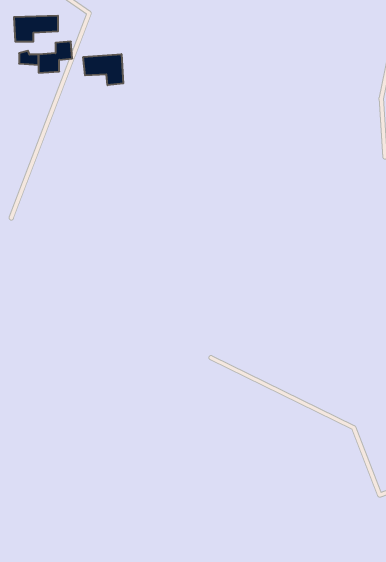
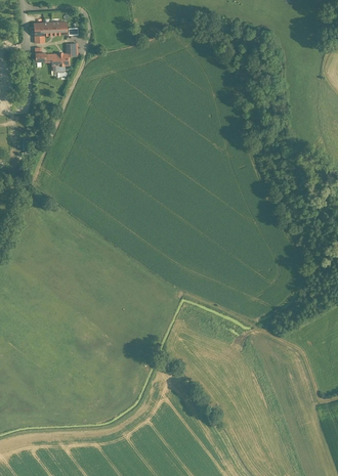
building: [83,54,123,85] -> none

